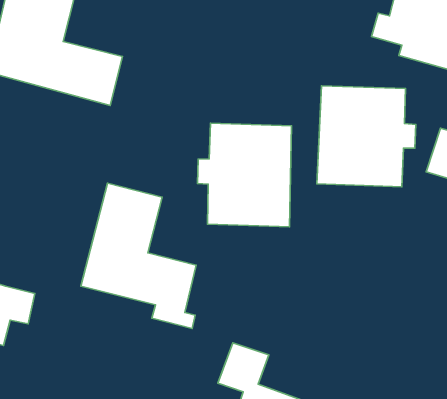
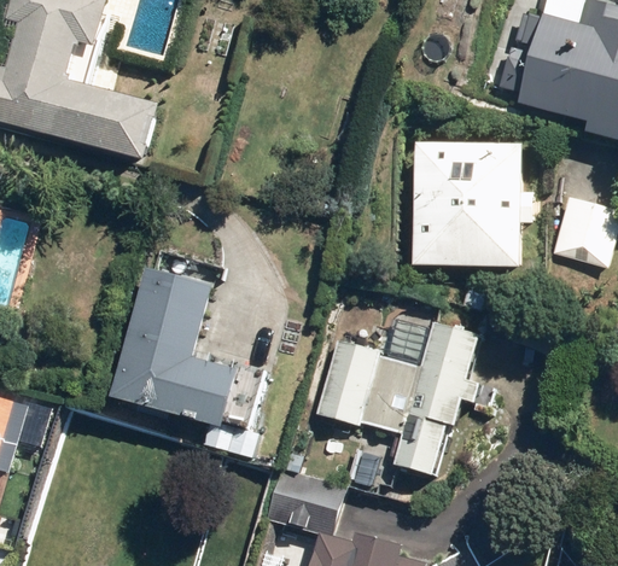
building: [197,123,291,227] -> none
building: none -> [316,320,480,475]

